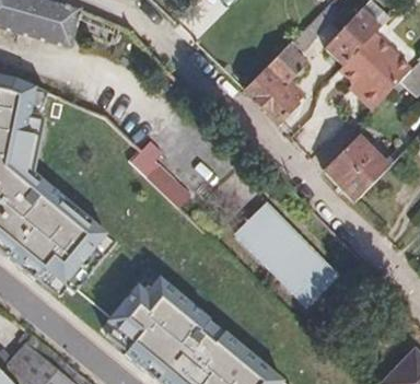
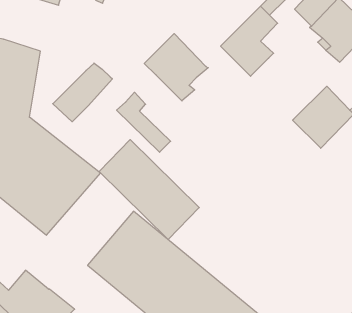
building: none -> [144,34,208,101]
building: none -> [53,63,112,122]
building: [230,199,339,309] -> [99,140,199,240]

